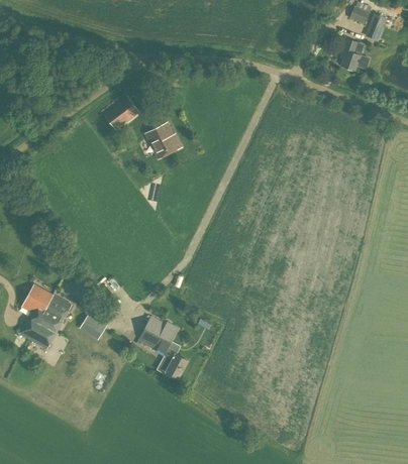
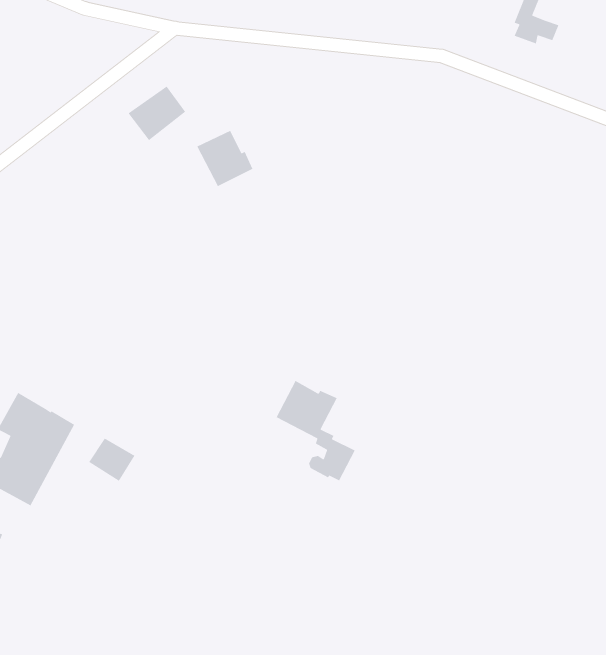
building: [138,316,188,378] -> [276,380,356,481]

